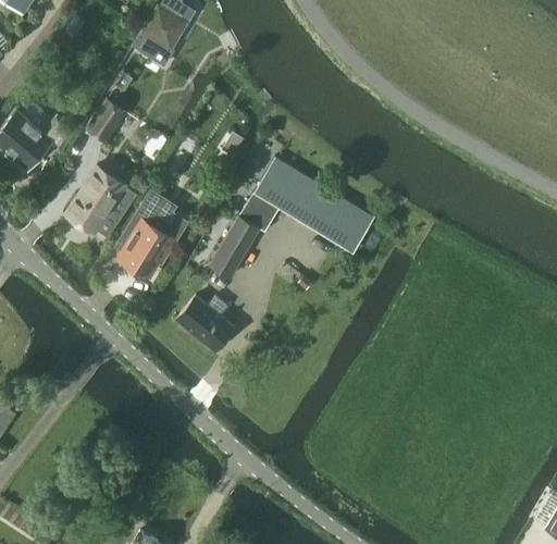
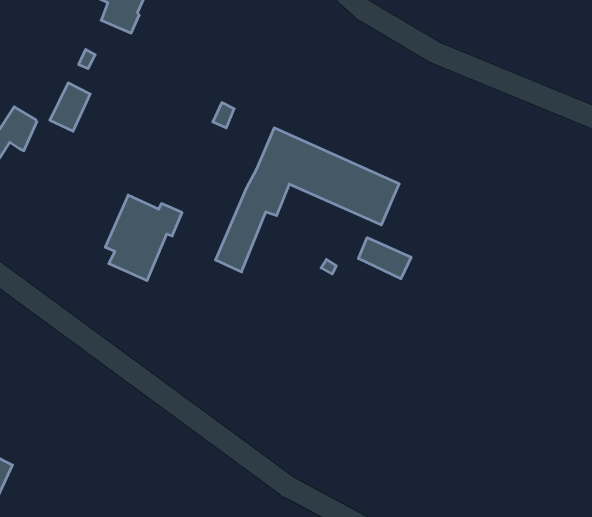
building: [65,166,126,233] -> none
building: none -> [358,238,411,279]
building: [176,296,235,351] -> none

